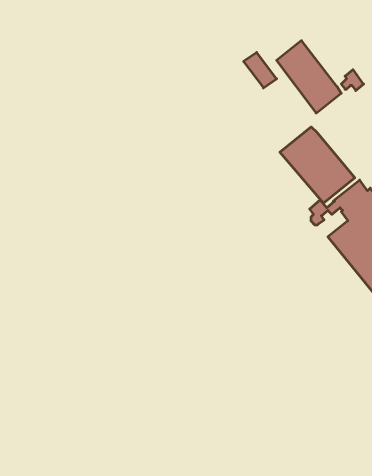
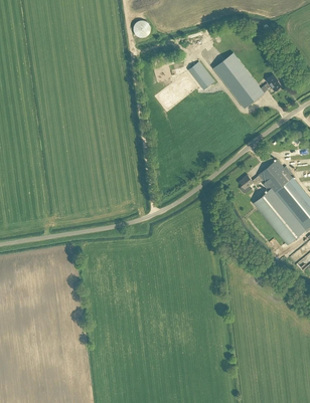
building: [280,127,355,203] -> none

